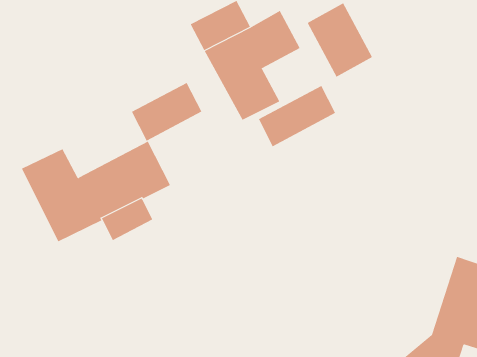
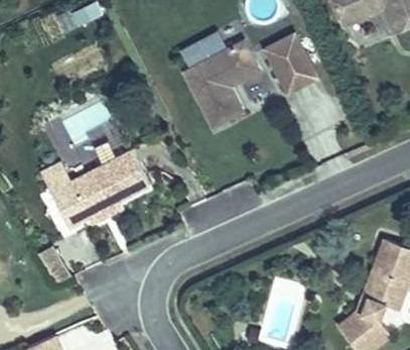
building: [131,82,202,142] -> none
building: [258,85,336,147] -> none

